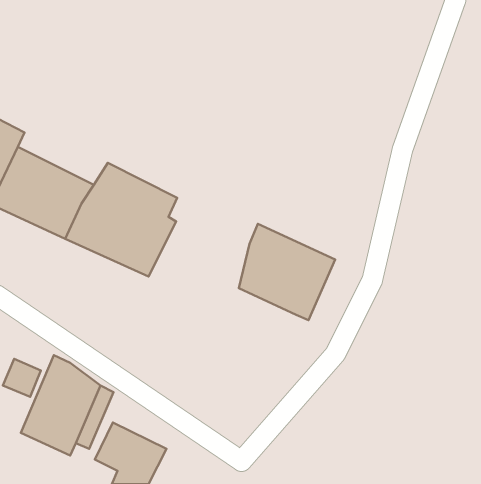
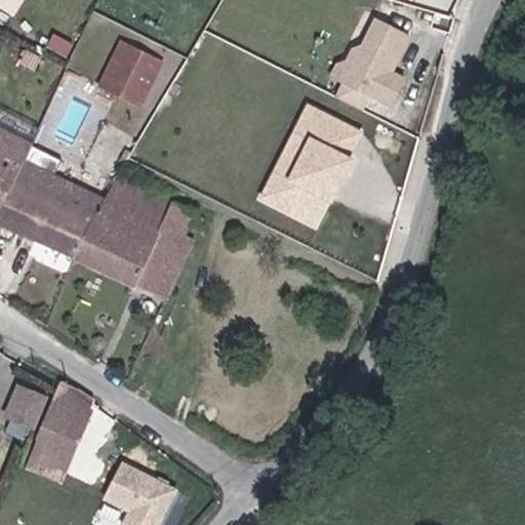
building: none -> [330,14,411,112]
building: none -> [93,40,161,109]
building: none -> [260,99,368,228]
building: [239,224,335,320] -> none

